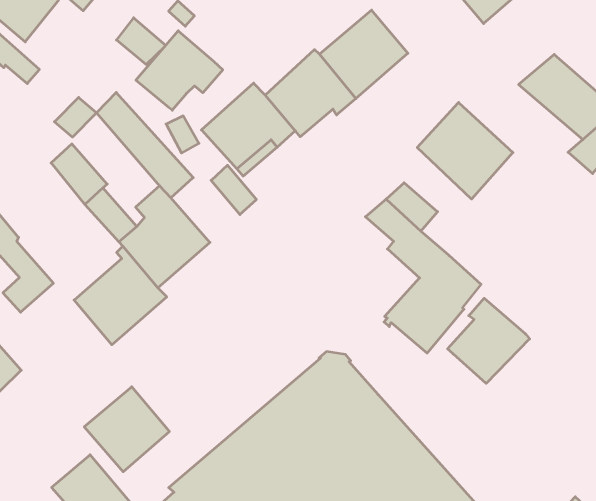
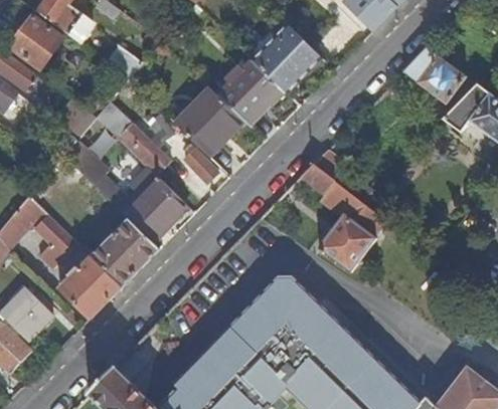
building: [136,31,223,110] -> none
building: [417,102,513,199] -> none
building: [448,298,530,383] -> none
building: [84,387,169,472] -> [58,255,121,318]

